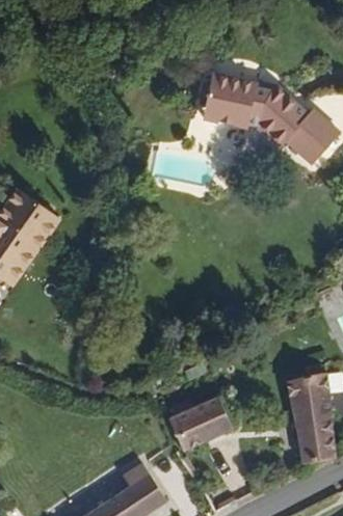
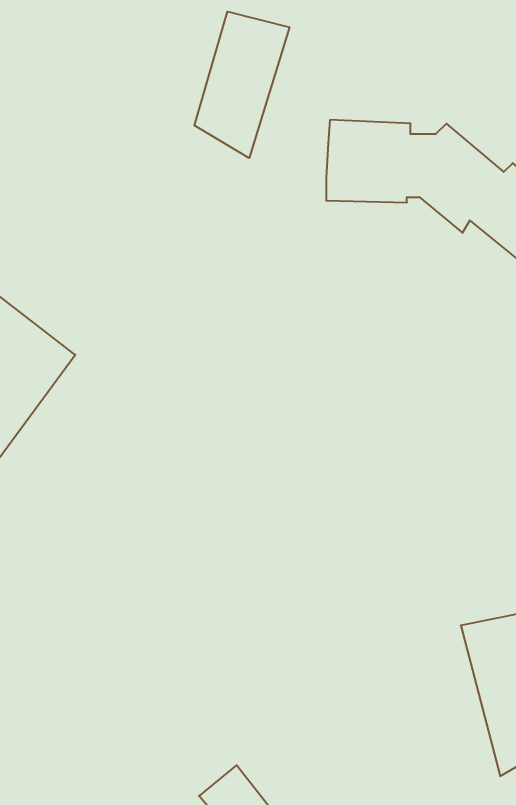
building: none -> [194,12,289,158]
building: [157,397,236,459] -> none

